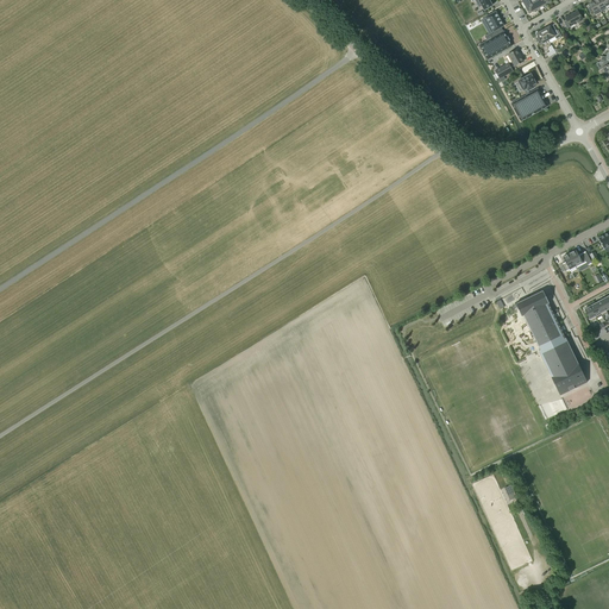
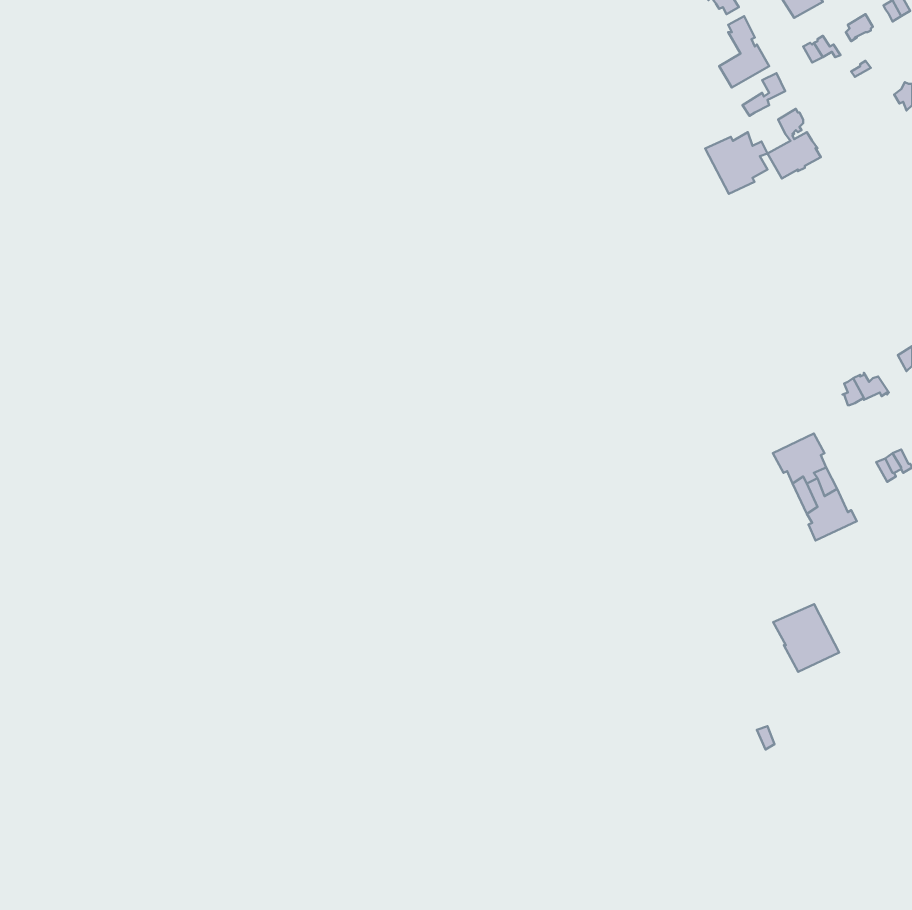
building: none -> [705,132,768,194]
building: [544,349,588,394] -> [773,604,839,672]

